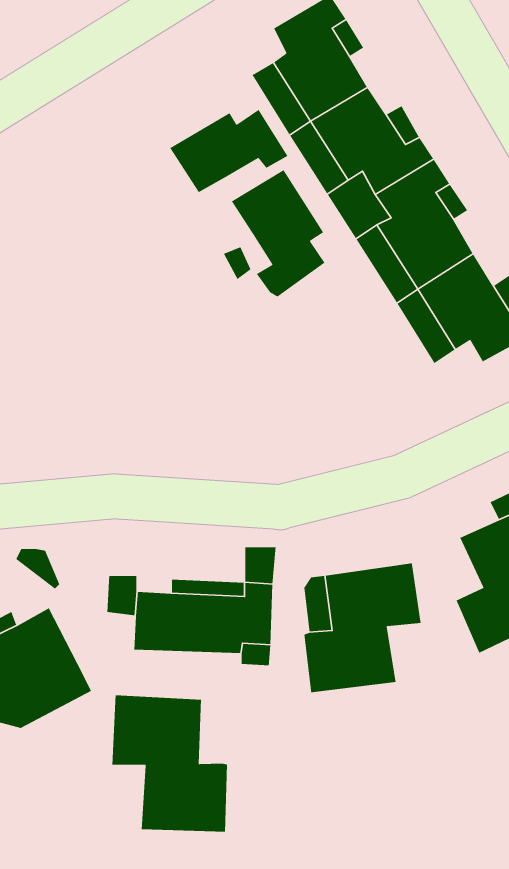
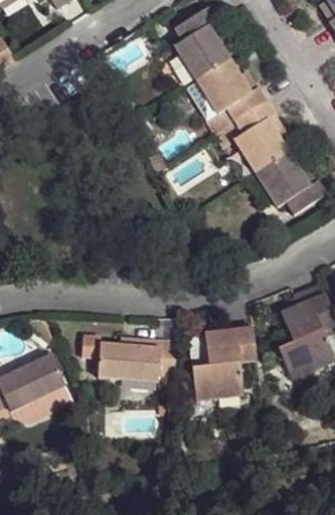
building: [169,109,289,193] -> none
building: [231,169,325,297] -> none
building: [111,694,228,833] -> none

